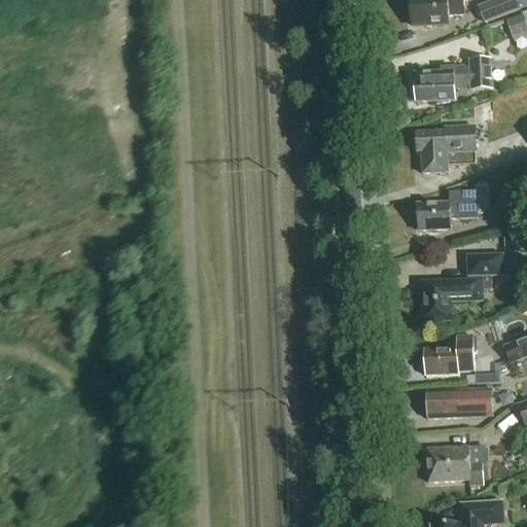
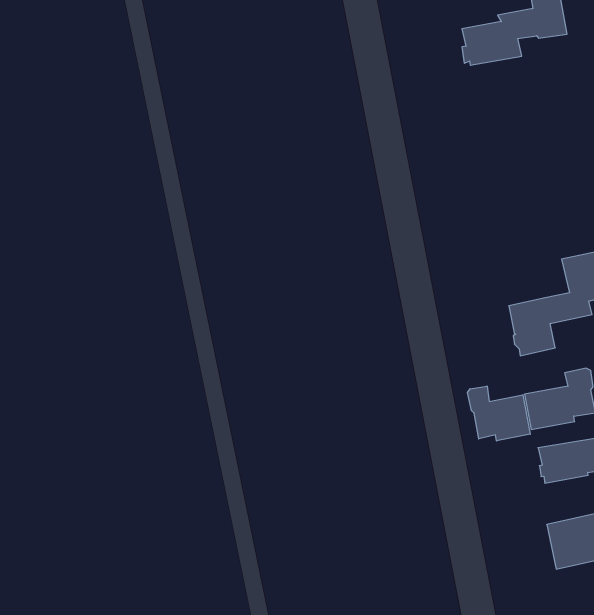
building: [416,124,478,171] -> none
building: [418,189,480,229] -> none
building: none -> [468,386,530,441]

